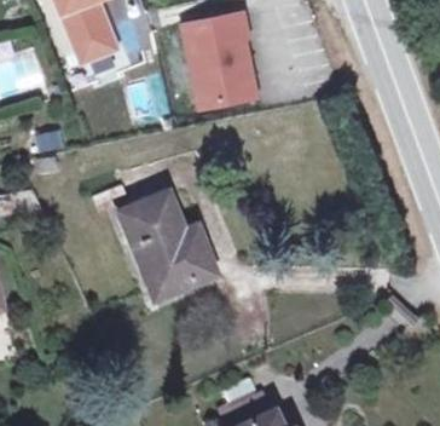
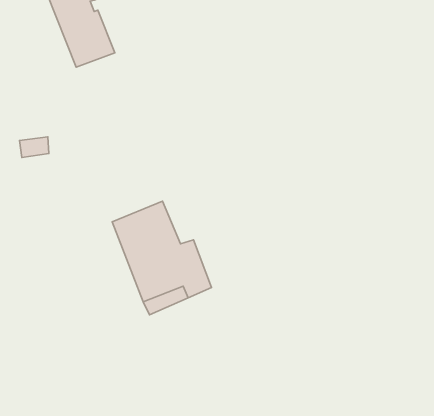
building: [185,11,256,104] -> none

